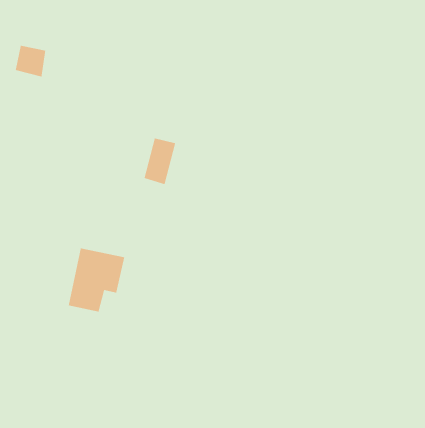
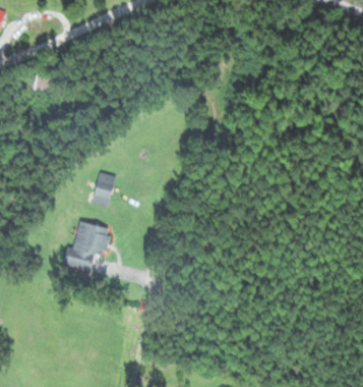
building: [143,138,176,185] -> [92,172,116,208]

